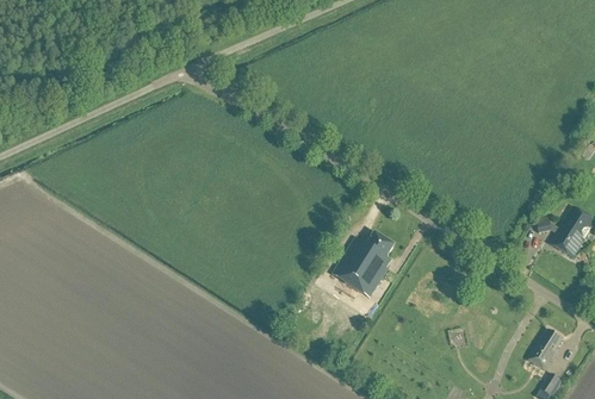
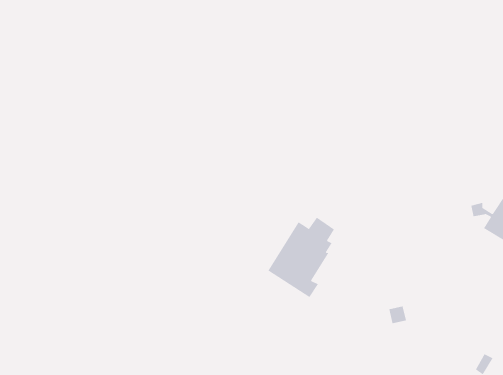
building: [528,329,565,372] -> none

